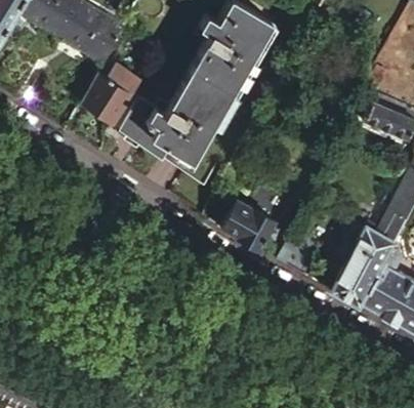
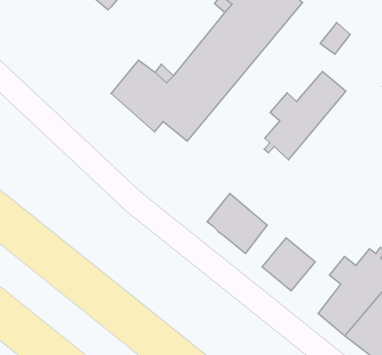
building: [82,59,139,125] -> none
building: none -> [264,72,346,160]

